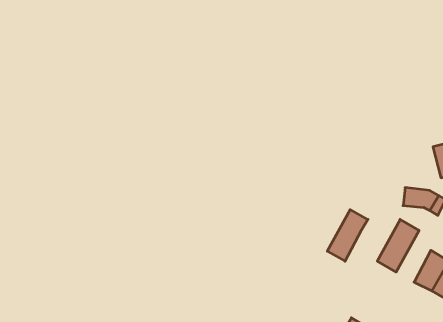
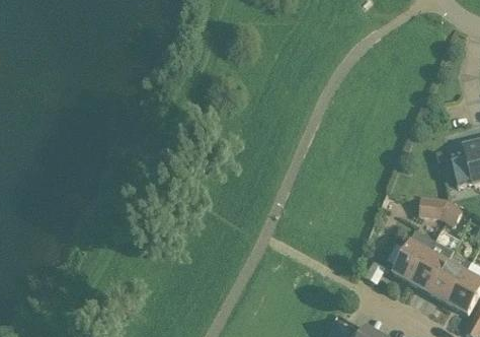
building: [327,210,368,261] -> [411,239,453,291]

